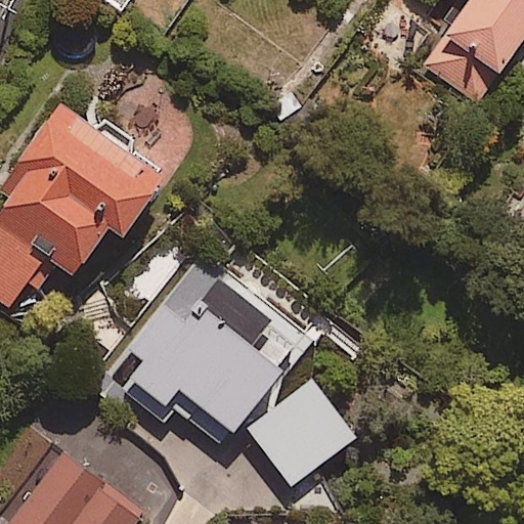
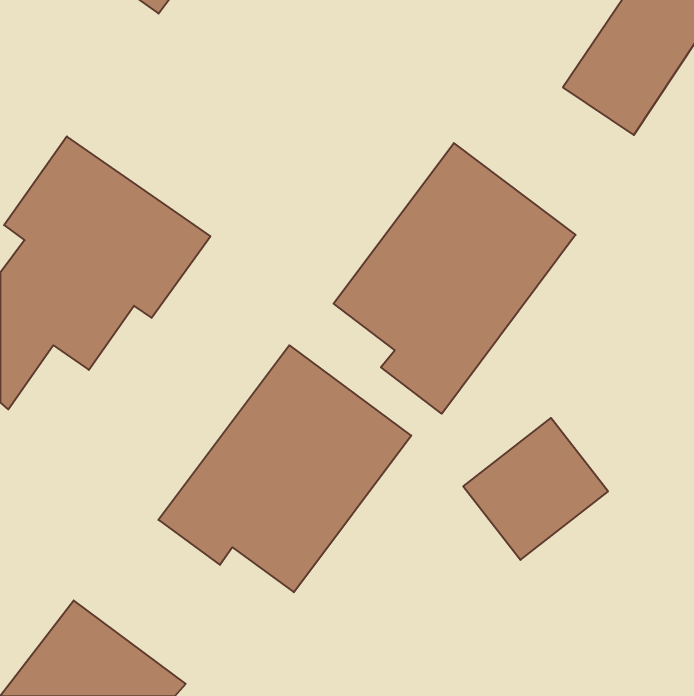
building: none -> [334,143,576,414]
building: [248,381,356,487] -> [463,418,608,560]

